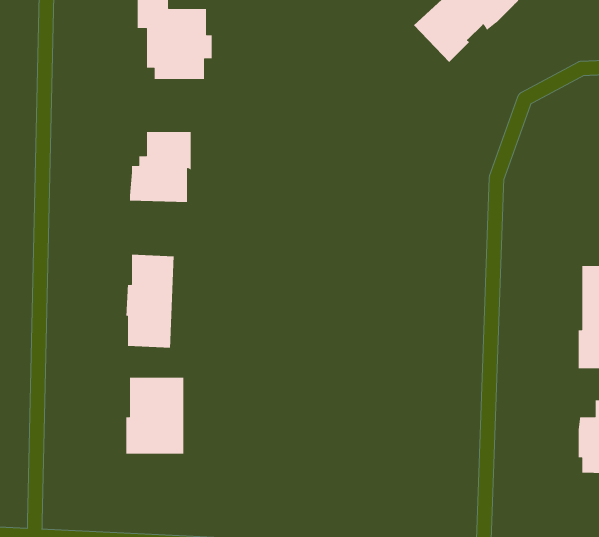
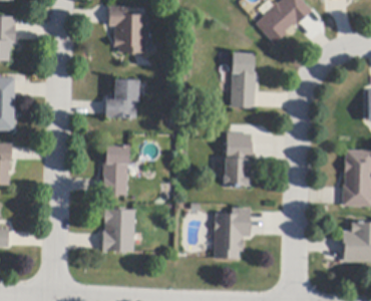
building: none -> [231,52,256,107]
building: none -> [227,132,253,187]
building: none -> [215,208,252,258]

